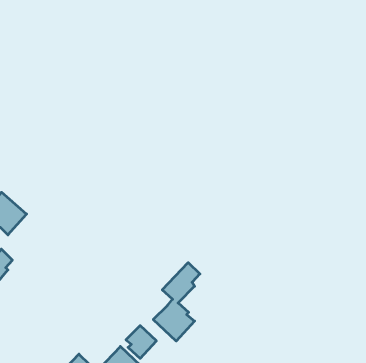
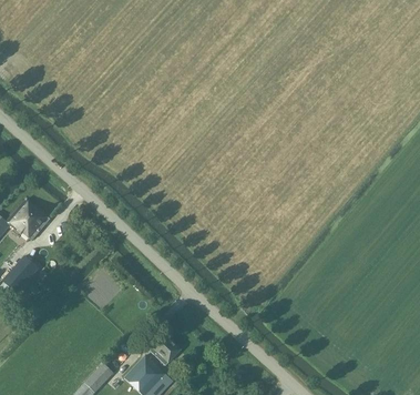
building: [153,263,200,341] -> none

